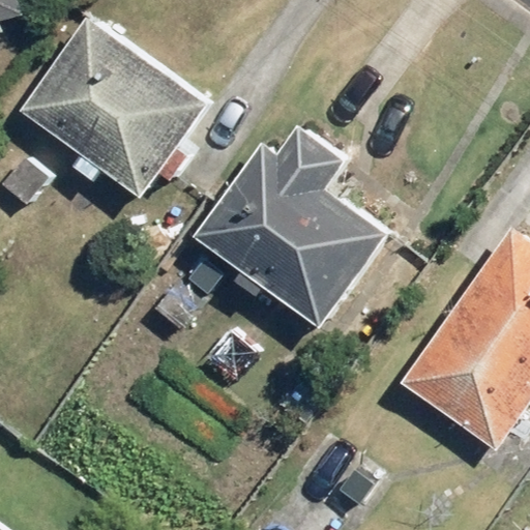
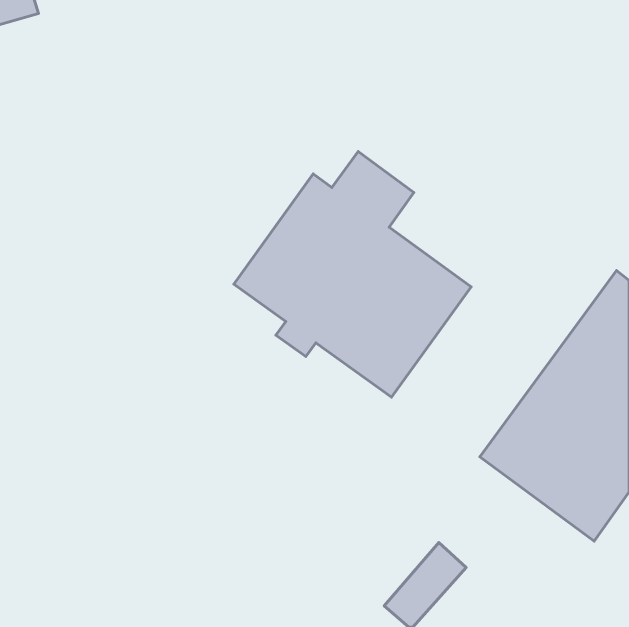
building: [27,16,208,193] -> none

